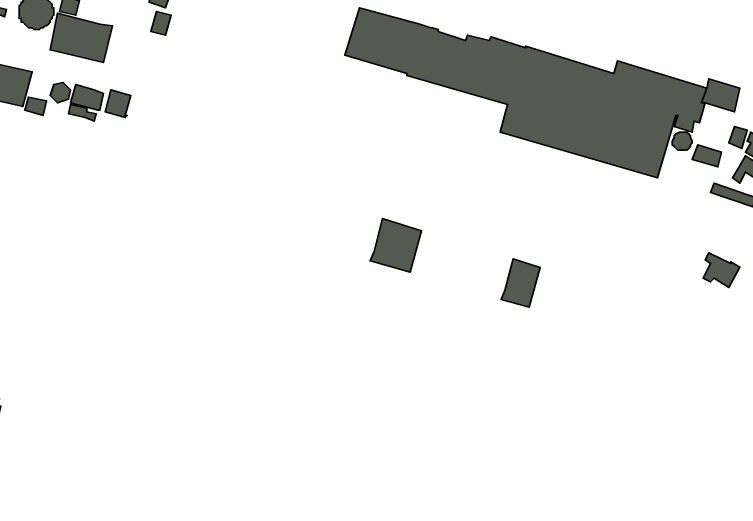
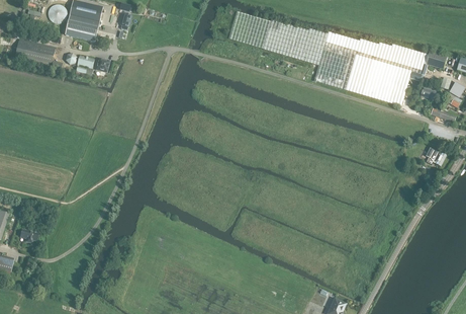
building: [370,219,422,272] -> none
building: [501,259,540,307] -> none

